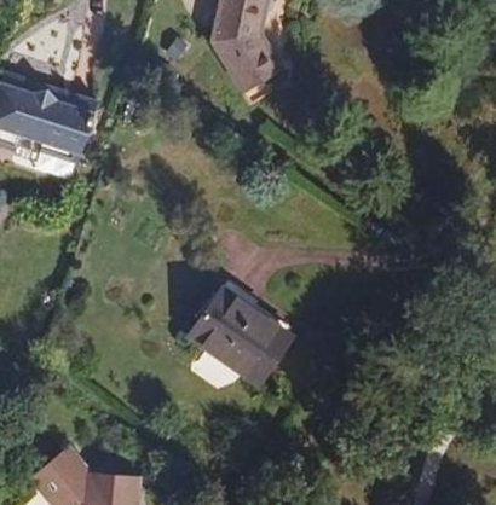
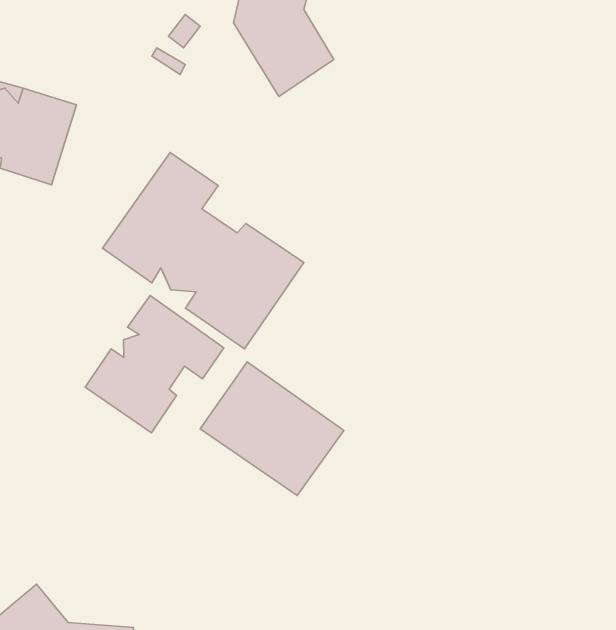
building: none -> [102,152,304,349]
building: none -> [85,296,224,433]

